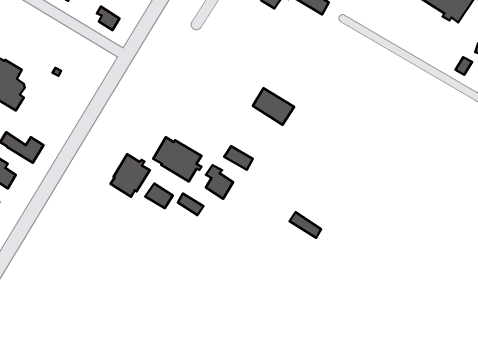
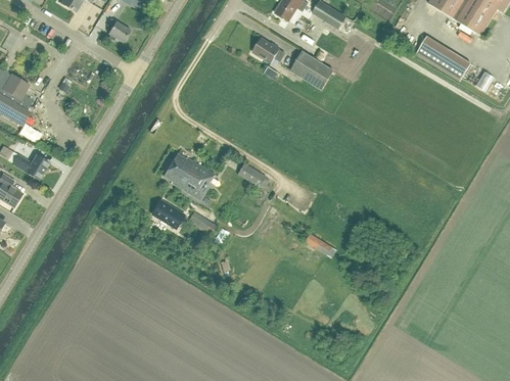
building: none -> [416,35,471,80]
building: none -> [252,37,285,62]
building: [253,88,294,125] -> [290,49,333,87]
building: [110,154,150,197] -> none
building: [206,165,233,199] -> none

